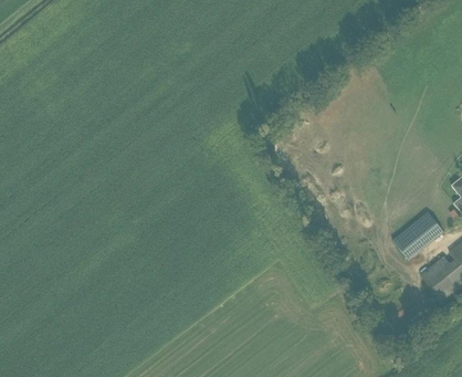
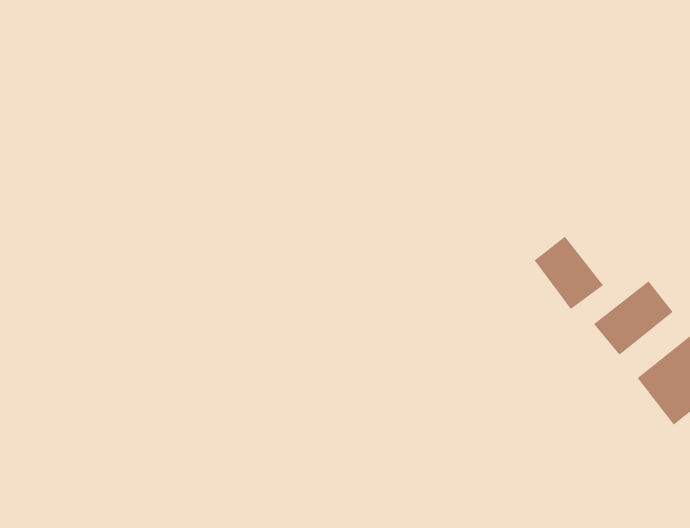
building: none -> [534,236,604,310]

